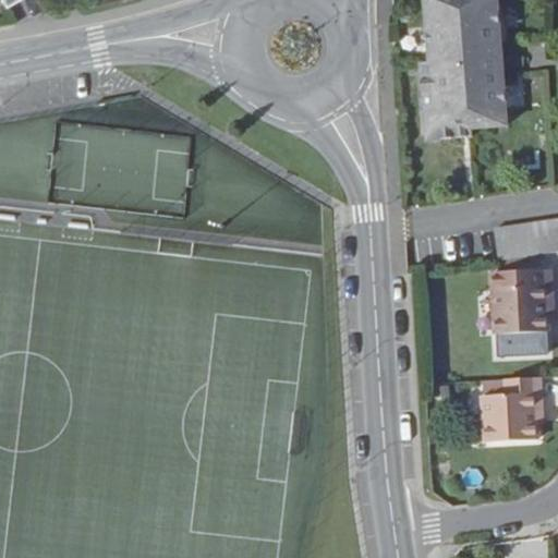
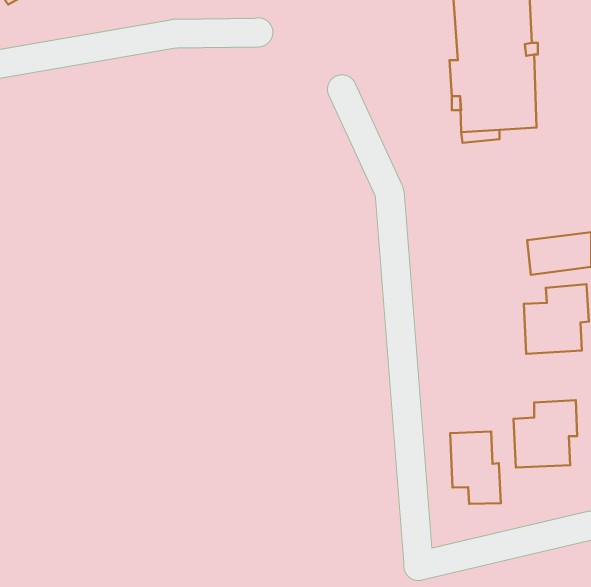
building: [495,329,548,354] -> none
building: none -> [450,432,501,504]

